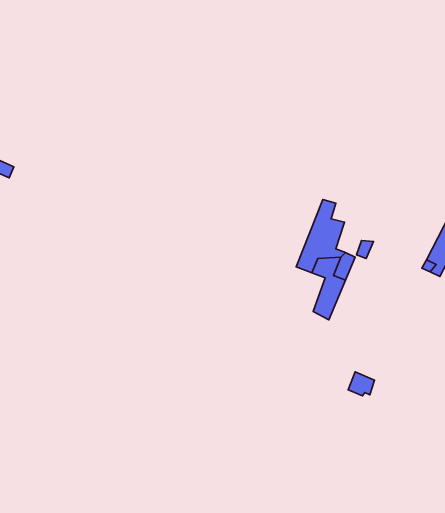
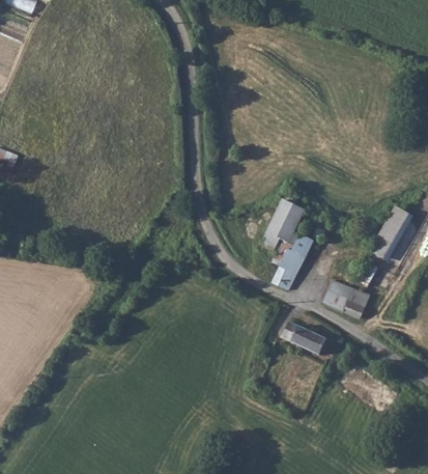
building: none -> [326,282,370,320]
building: none -> [285,324,314,350]

